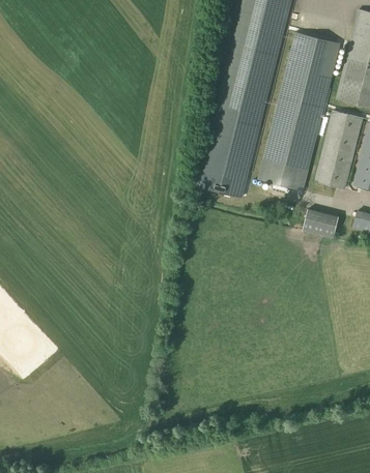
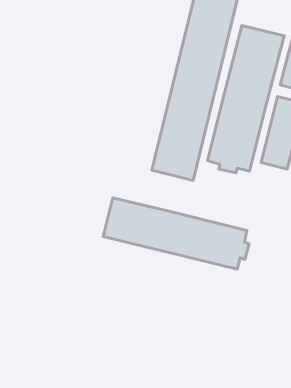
building: [303,208,340,238] -> none
building: none -> [103,198,249,269]

